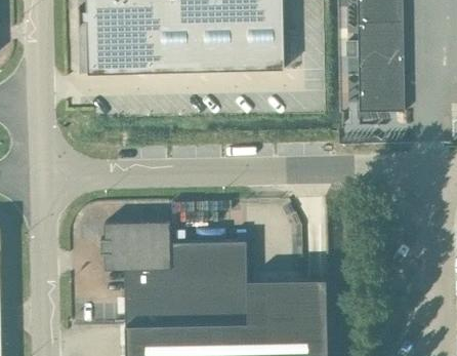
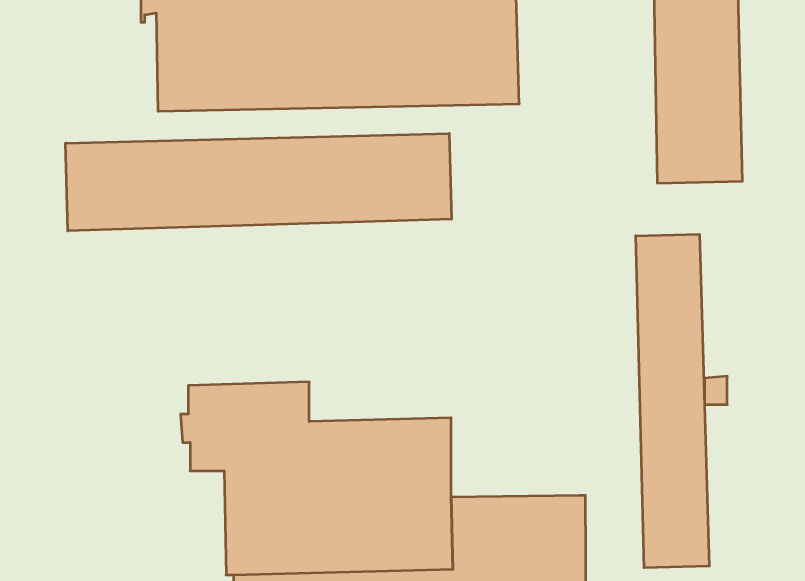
building: none -> [66,133,451,231]
building: none -> [636,234,709,568]

